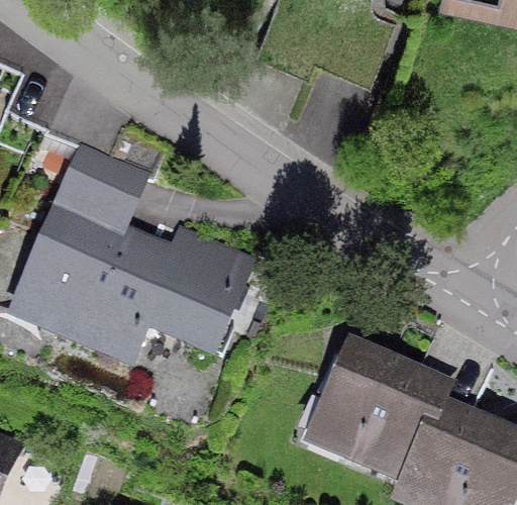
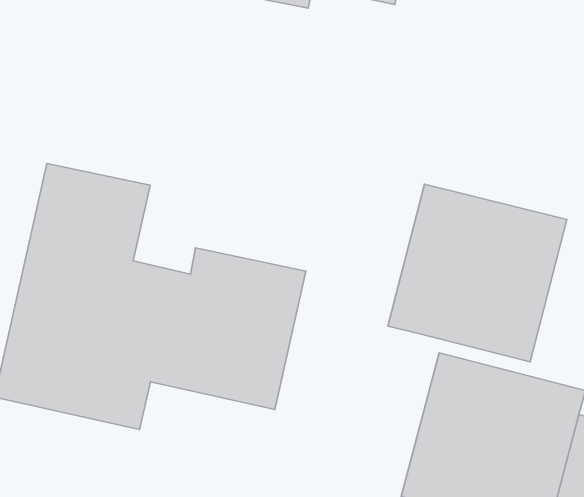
building: none -> [388,184,567,362]

